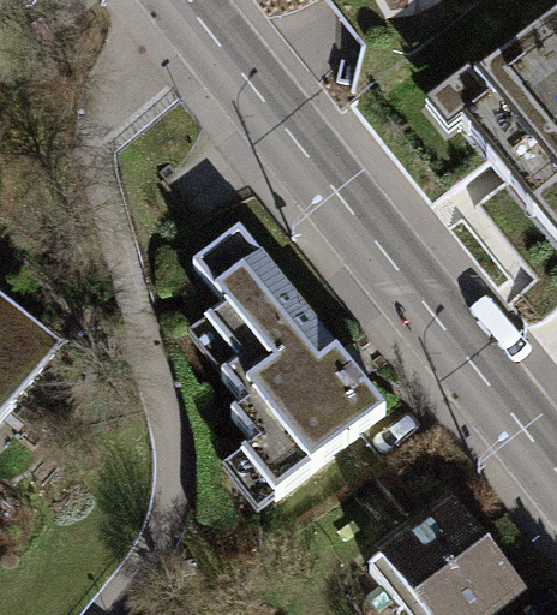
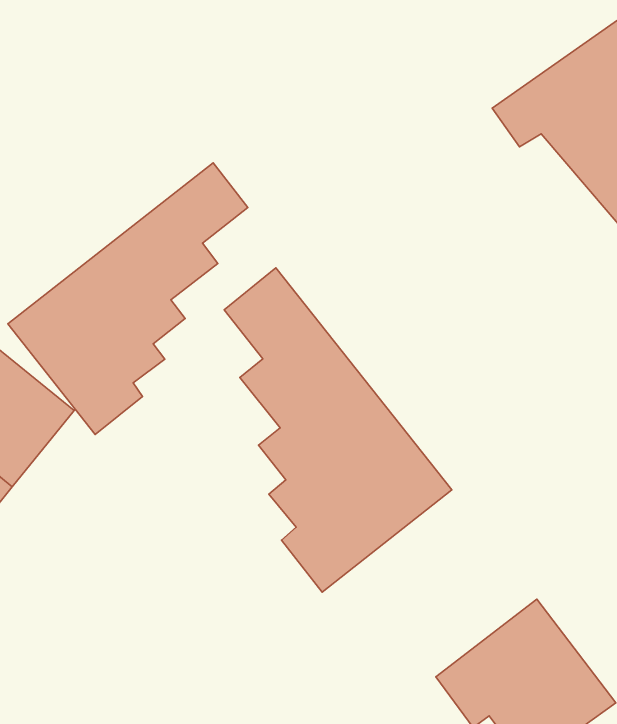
building: none -> [8,163,248,434]

